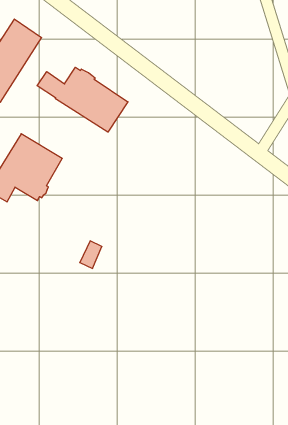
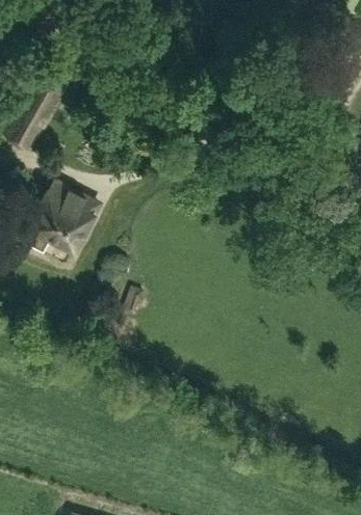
building: [37,67,128,132] -> none

